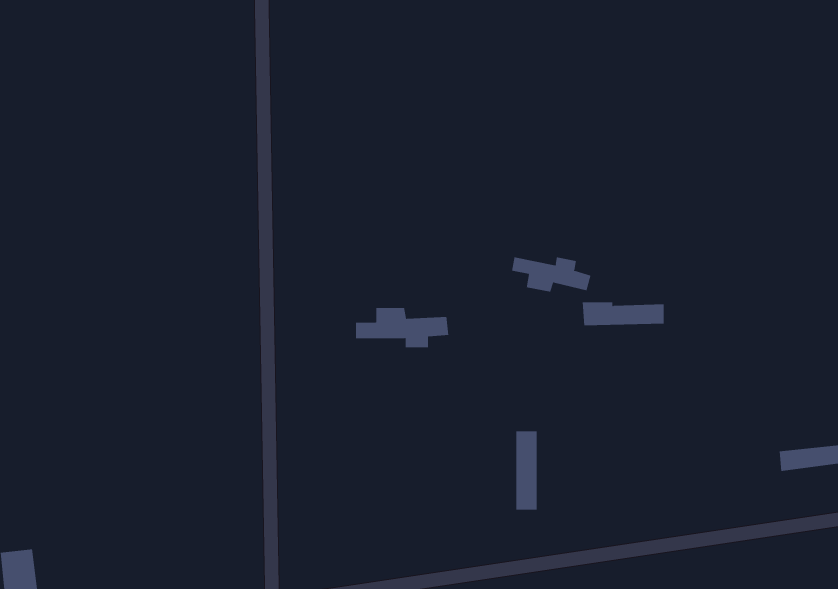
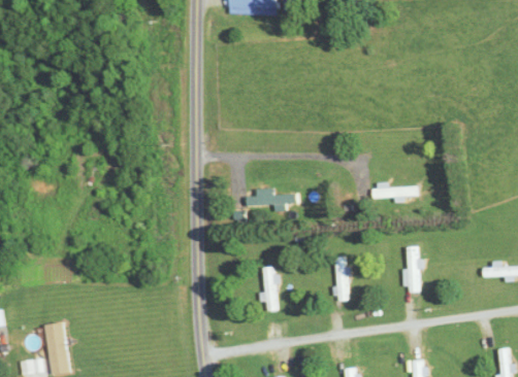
building: [512,257,591,293] -> none
building: none -> [404,246,420,292]
building: none -> [261,266,279,311]

